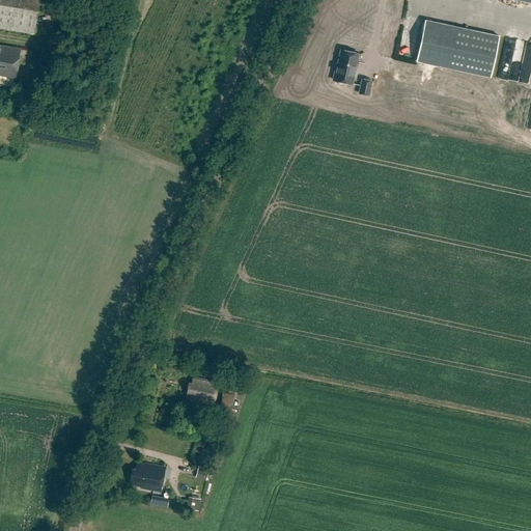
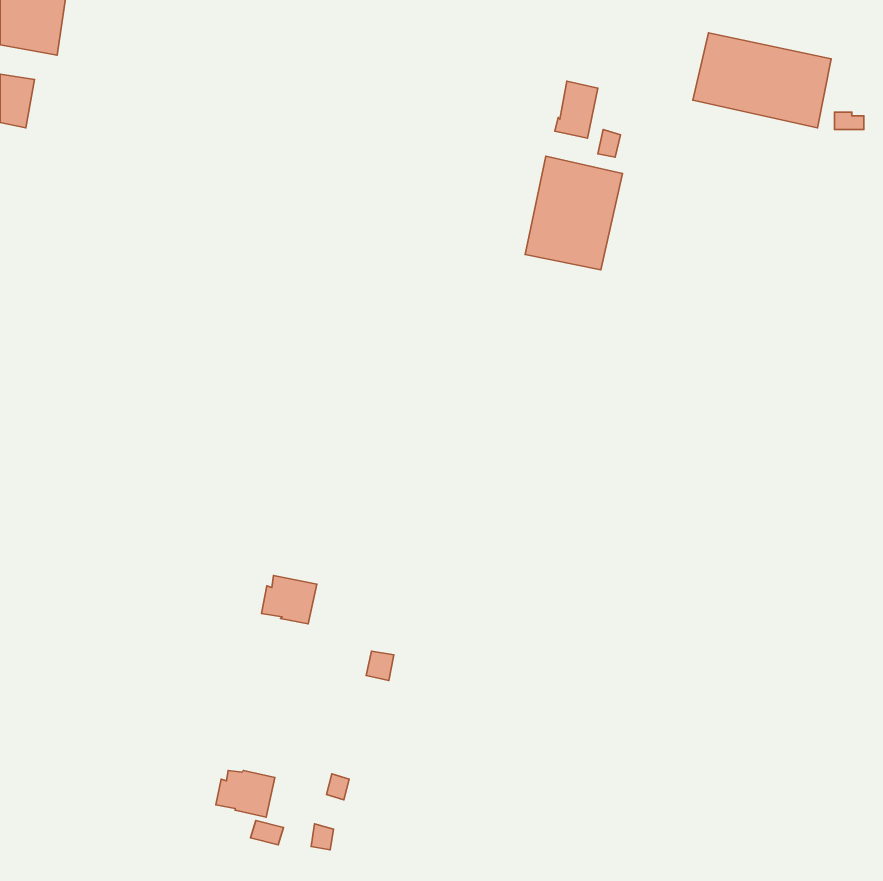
building: none -> [525,156,623,270]
building: [186,375,219,404] -> [261,575,317,624]

